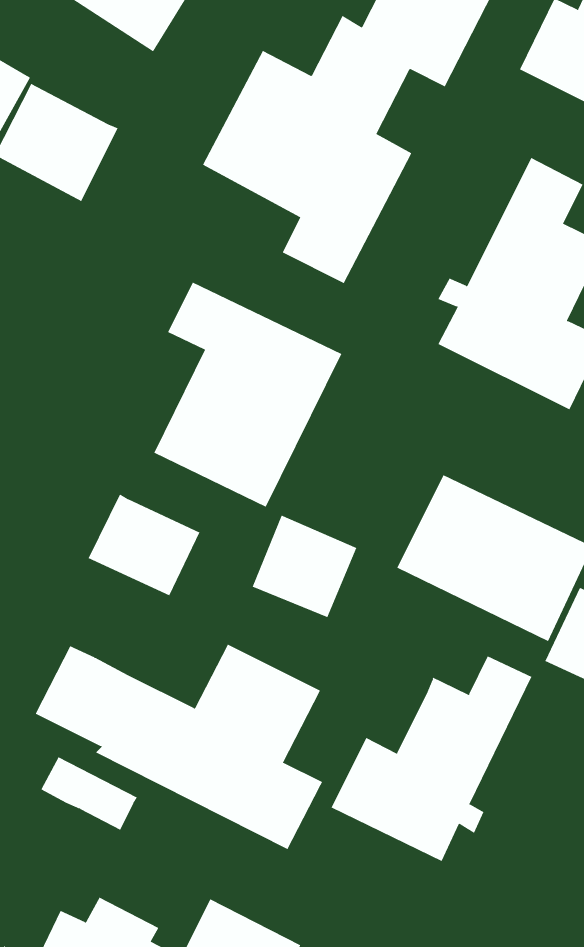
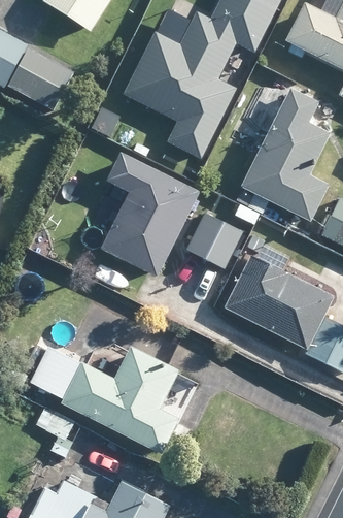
building: [88,494,200,596] -> none
building: [252,515,357,618] -> [179,213,235,267]
building: [331,656,532,862] -> none

